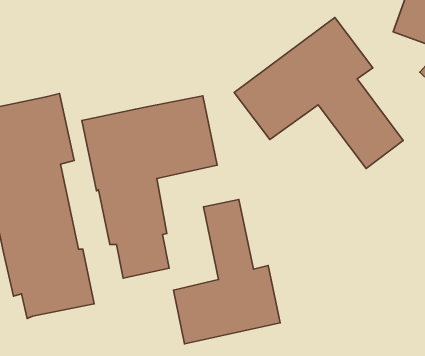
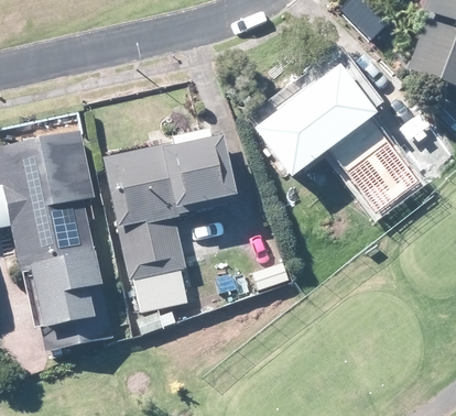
building: [173,200,280,344] -> none

